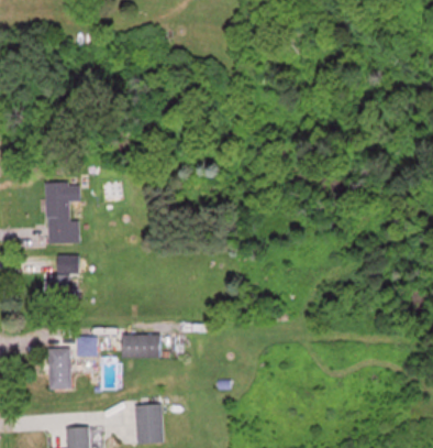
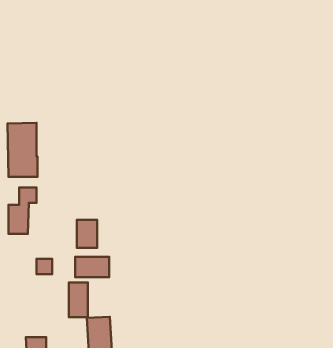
building: none -> [77,220,97,248]
building: [49,348,71,387] -> [69,282,88,317]

